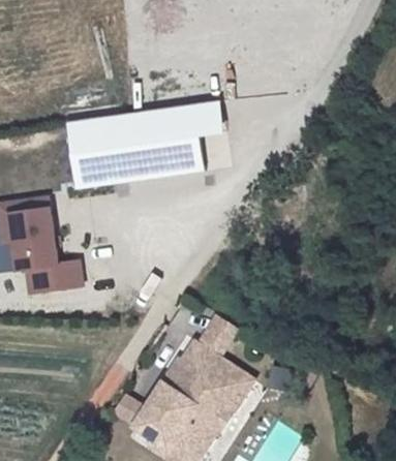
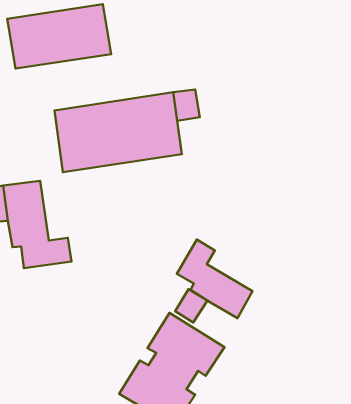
building: none -> [7,4,111,69]
building: none -> [177,240,253,318]

